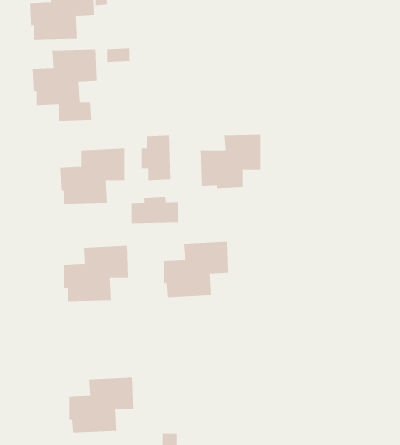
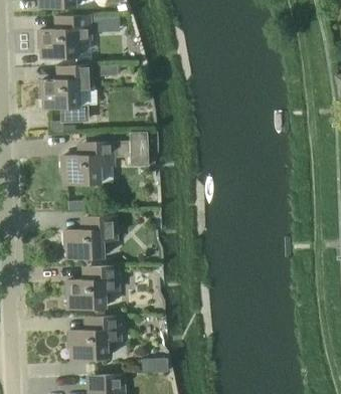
building: [200,134,261,189] -> none
building: [131,196,179,224] -> none
building: [163,241,229,298] -> [69,265,120,309]

